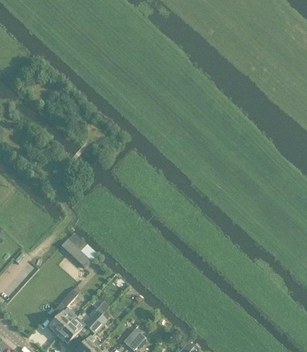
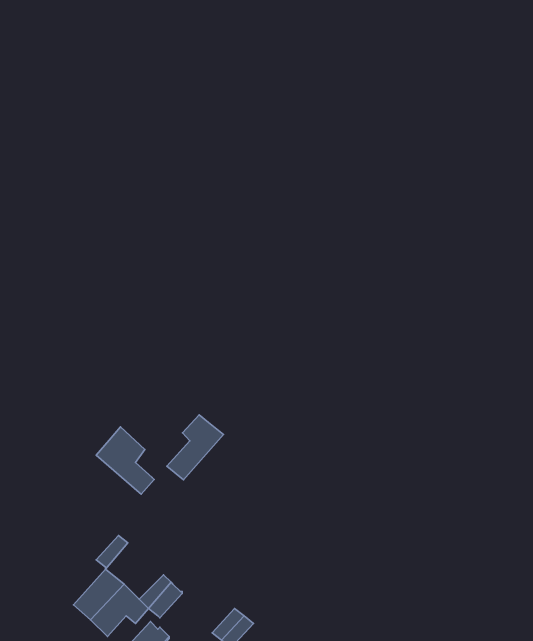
building: none -> [167,415,223,480]

